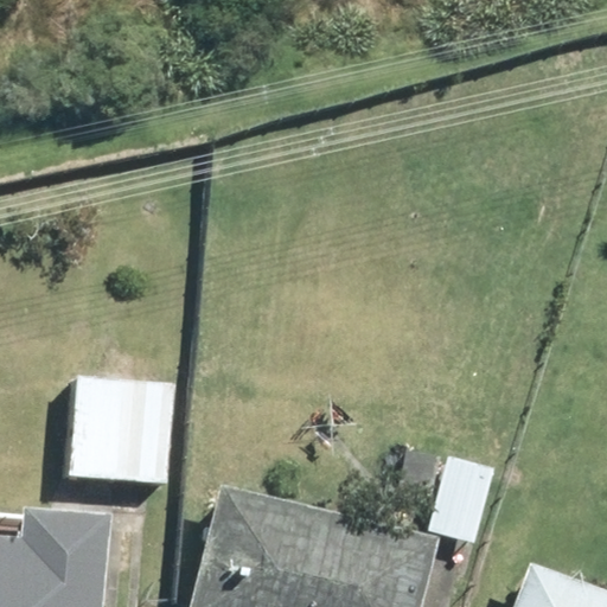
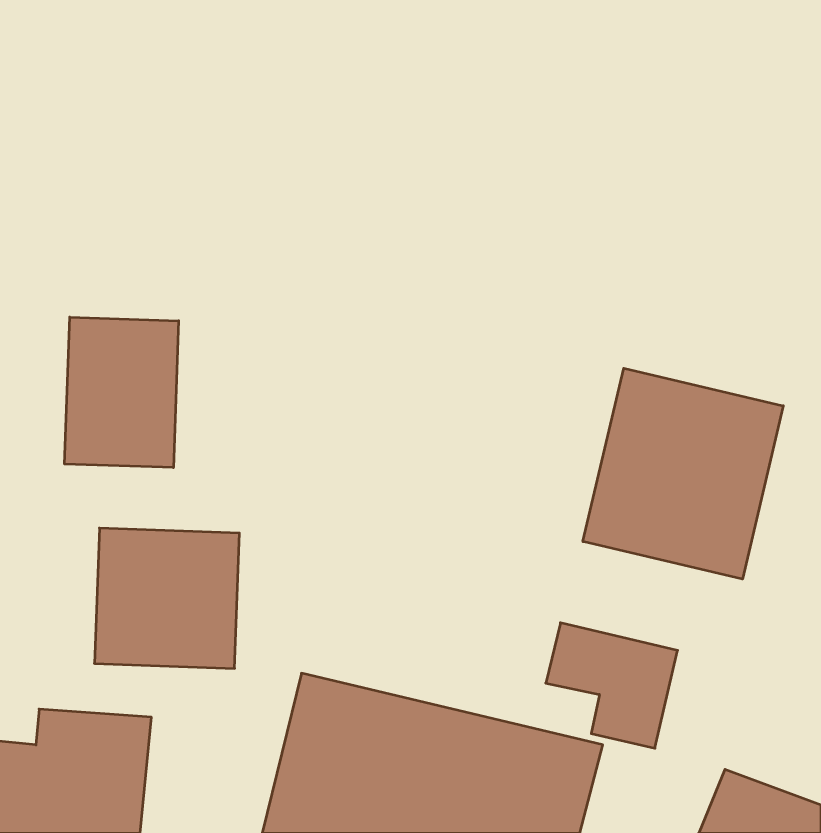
building: none -> [65,317,179,468]
building: none -> [583,368,783,579]

